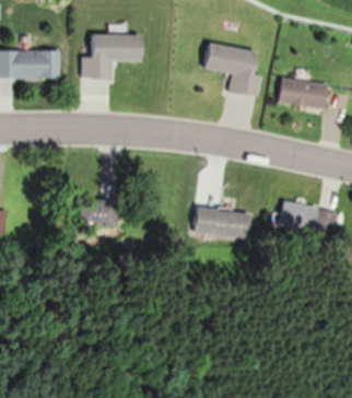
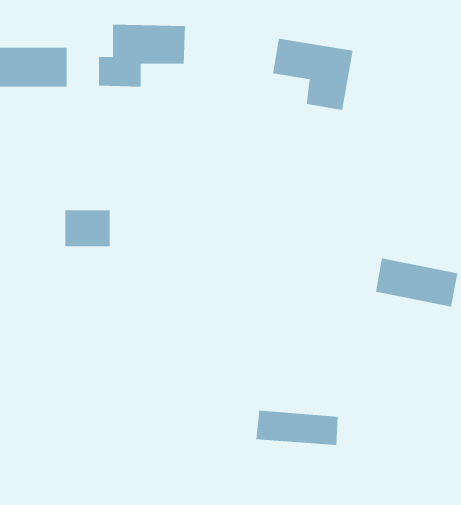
building: [279,78,328,109] -> none
building: [86,200,119,226] -> [64,210,110,247]
building: [191,208,250,233] -> [256,410,339,446]

